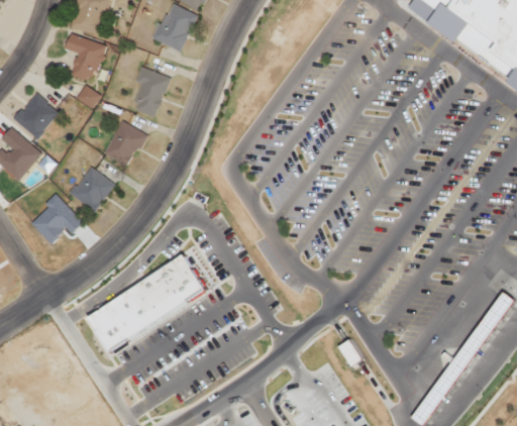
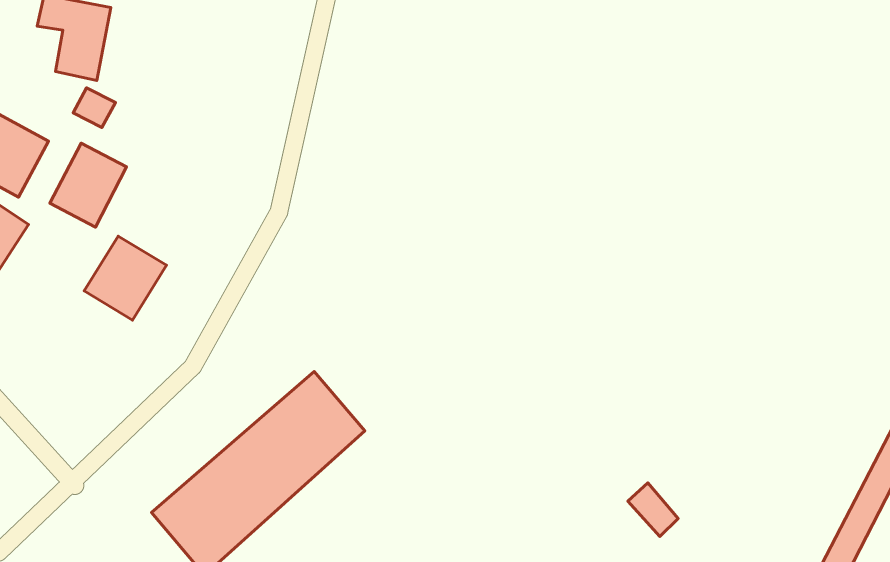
building: [131,67,170,117] -> none
building: [102,121,145,167] -> [50,143,127,227]
building: [32,193,85,243] -> none

